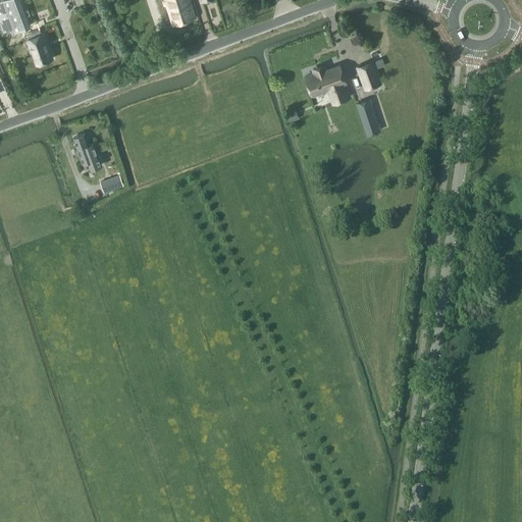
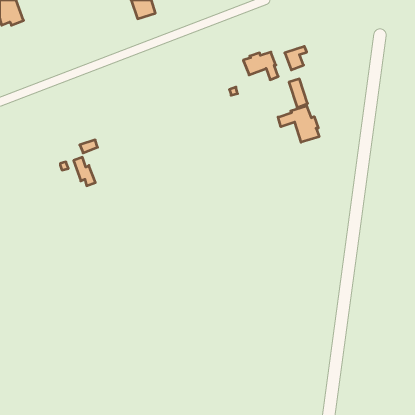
building: [25,30,51,63] -> none
building: none -> [278,106,319,142]
building: [73,134,101,169] -> [74,157,95,186]

